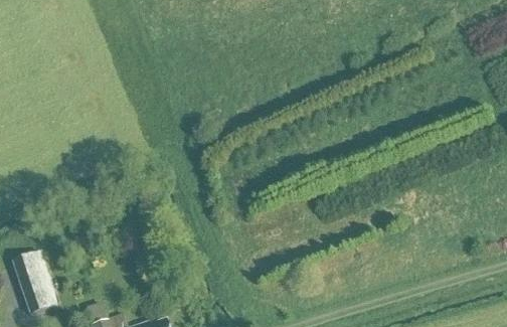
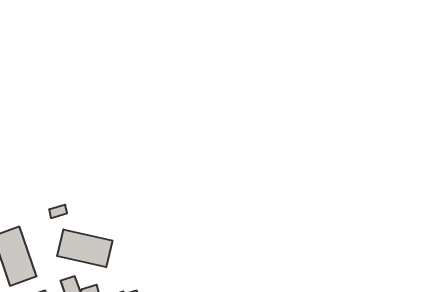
building: none -> [57,229,112,267]

